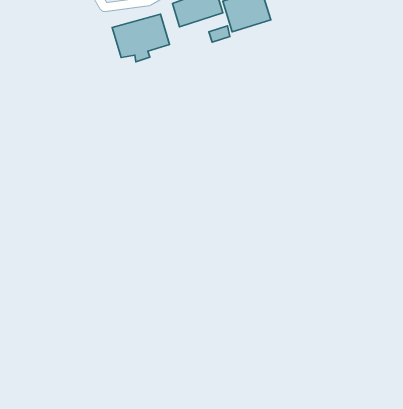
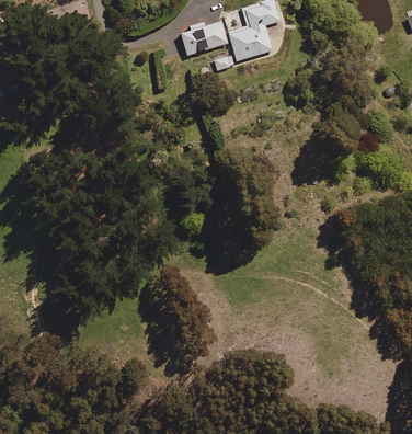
building: [112,14,170,62] -> none

